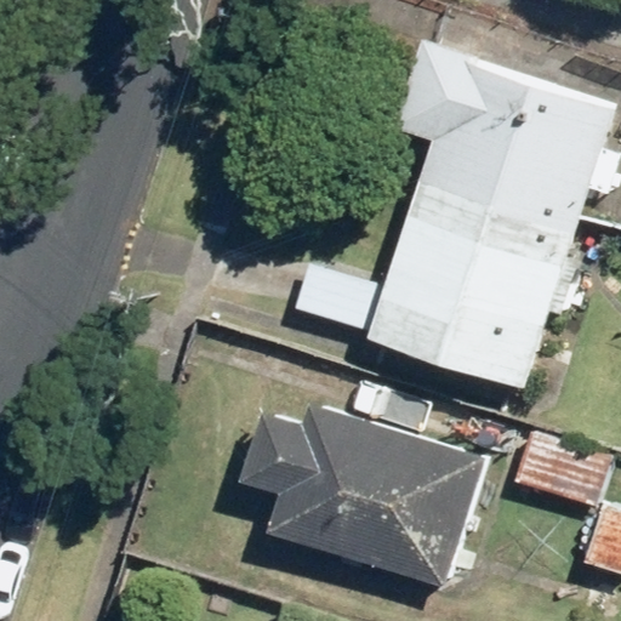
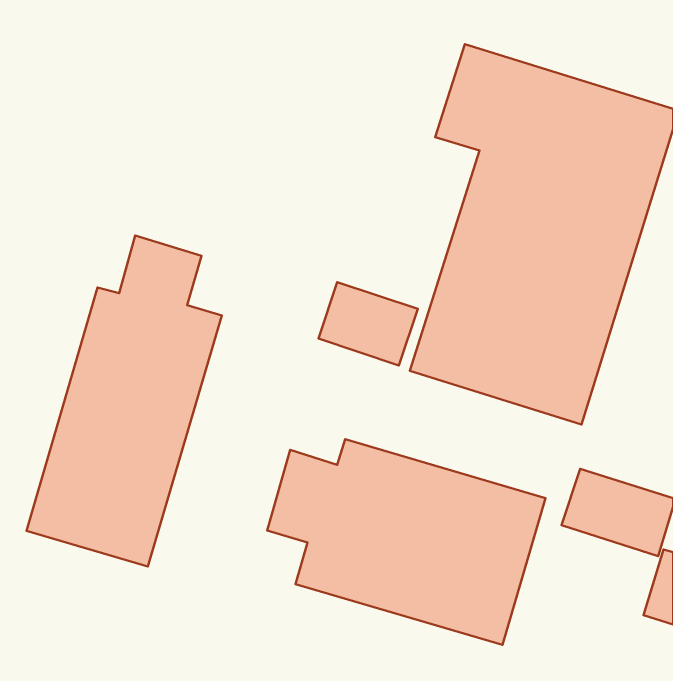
building: none -> [26,235,222,566]

